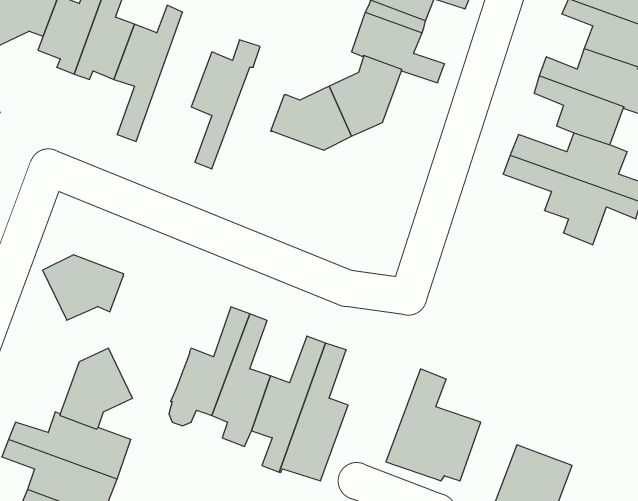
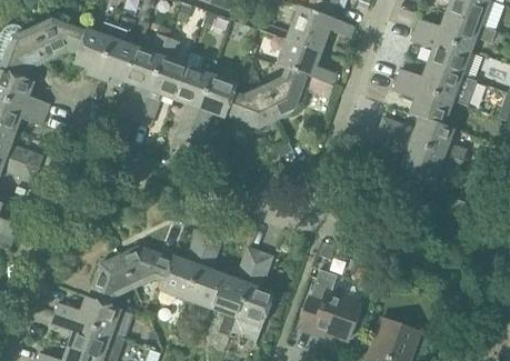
building: none -> [137,39,186,127]
building: none -> [186,74,237,144]
building: [43,255,124,320] -> [119,245,171,288]

